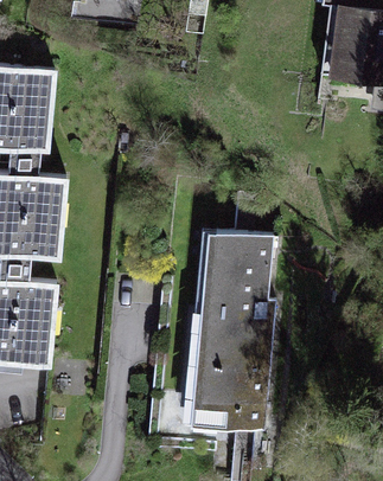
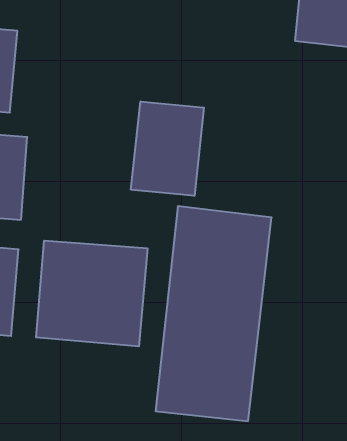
building: none -> [131,101,204,196]
building: none -> [36,241,147,346]

